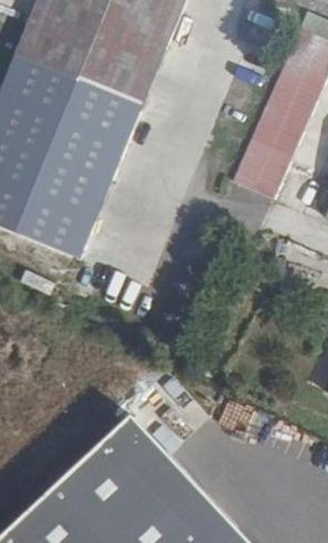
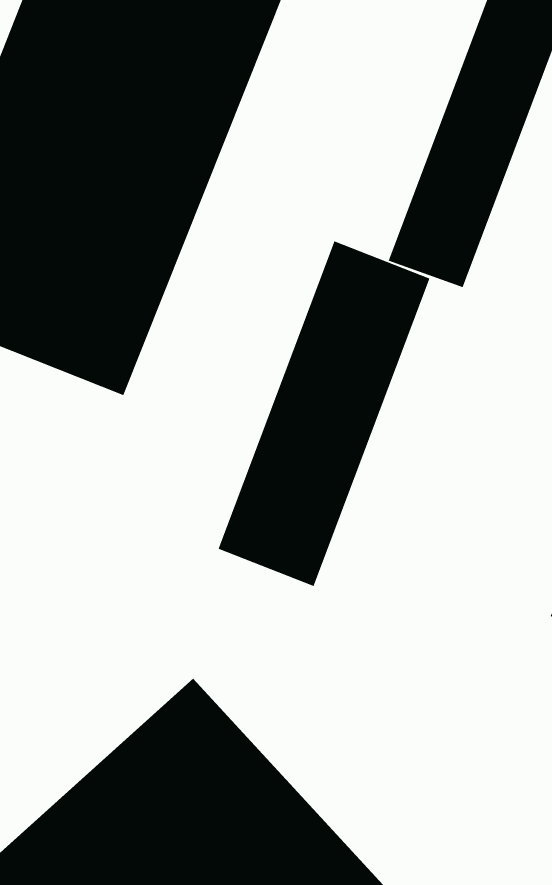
building: none -> [218,241,430,587]

